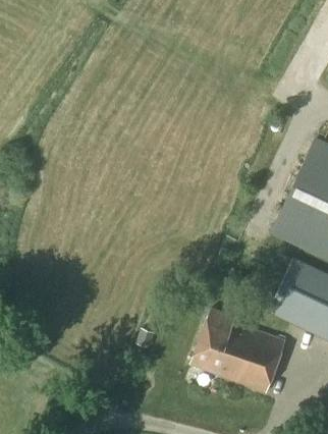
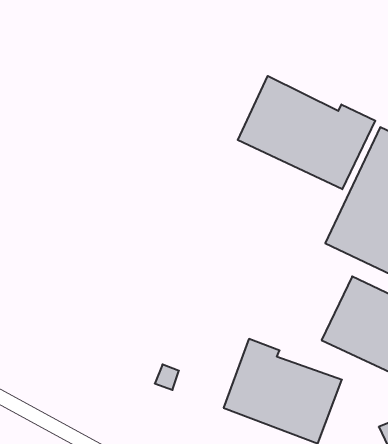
building: none -> [238,76,375,189]

